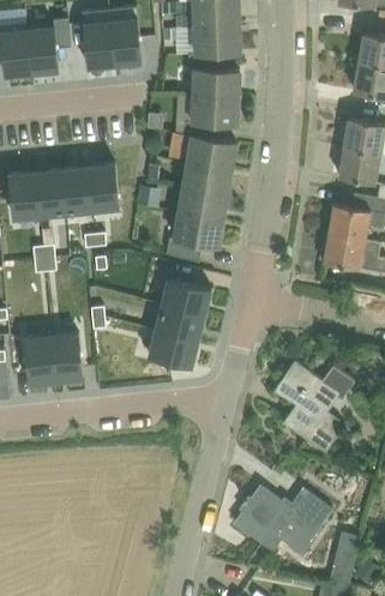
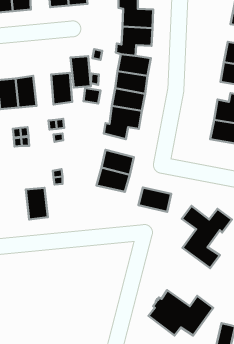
building: [61,167,91,213] -> [70,56,91,88]
building: [149,331,197,367] -> [139,187,171,212]
building: [24,337,55,384] -> none

